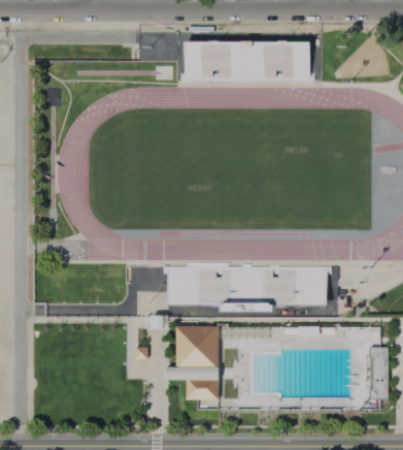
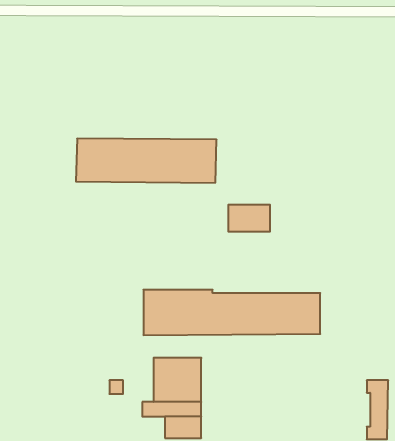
building: [183,41,311,82] -> [76,139,217,183]
building: none -> [228,205,270,232]

